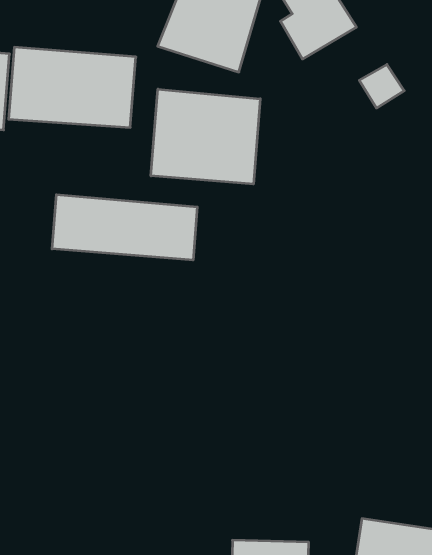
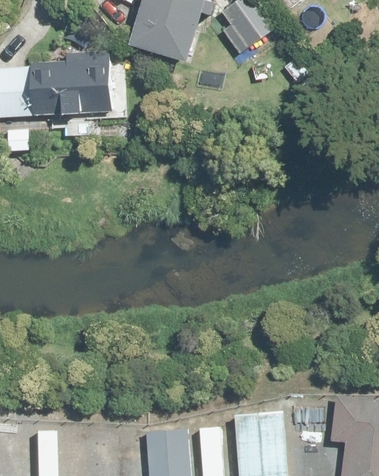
building: [151,89,260,184] -> none
building: [52,195,197,260] -> none

